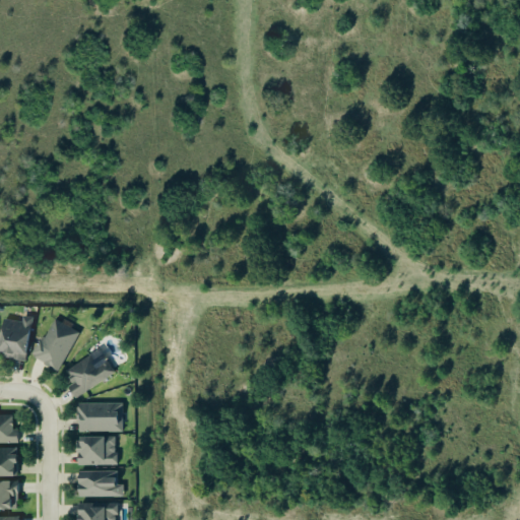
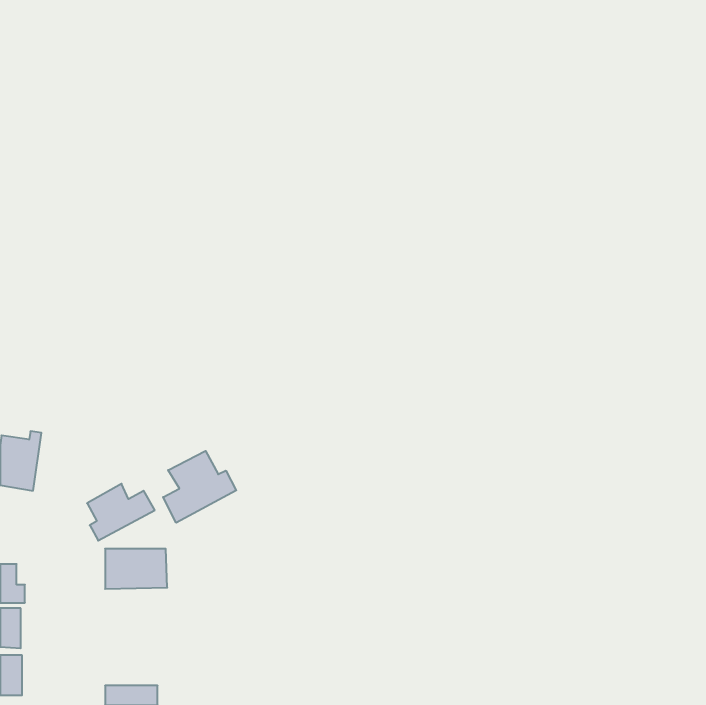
building: [31,318,78,371] -> none
building: none -> [163,451,236,523]
building: [76,436,116,465] -> none
building: [76,470,123,497] -> none

